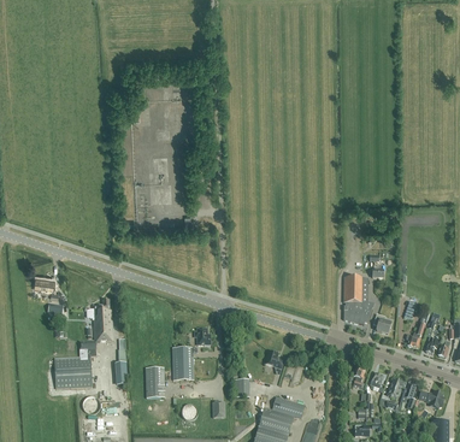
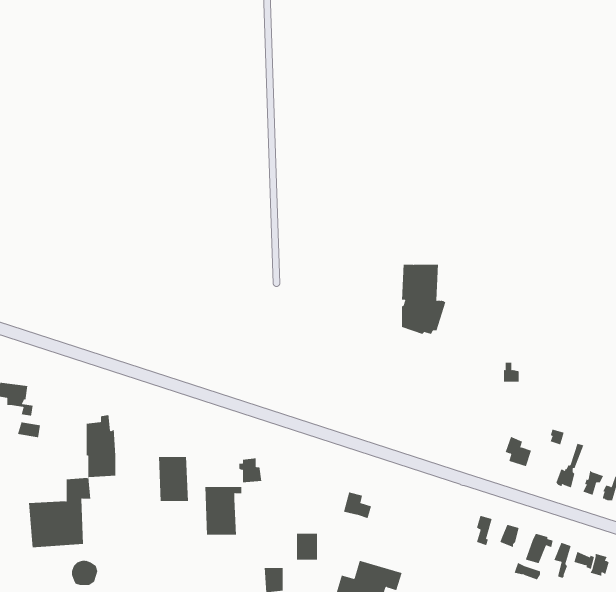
building: [343,277,373,324] -> [401,264,446,334]
building: [145,367,165,397] -> [158,457,189,502]

